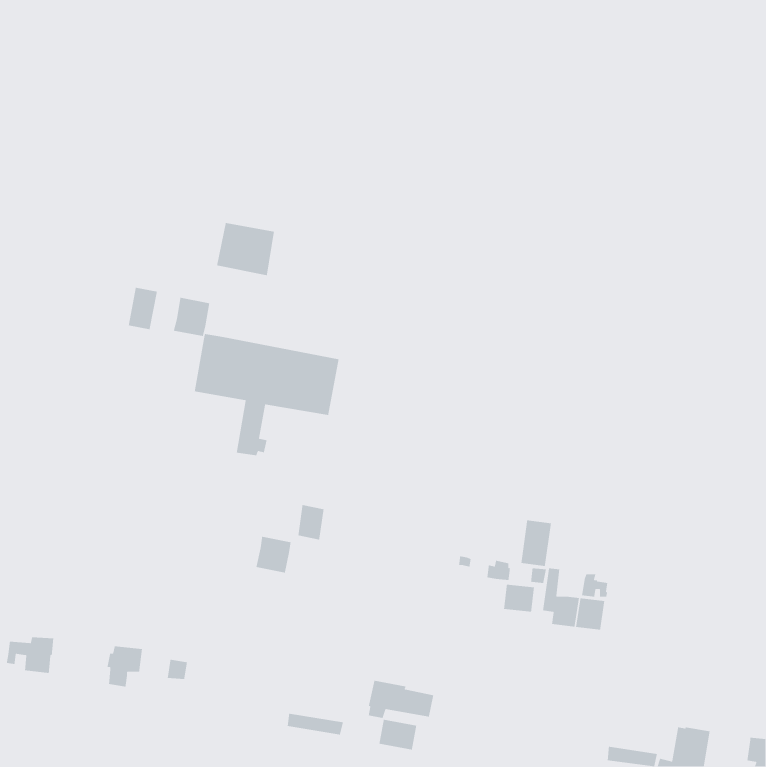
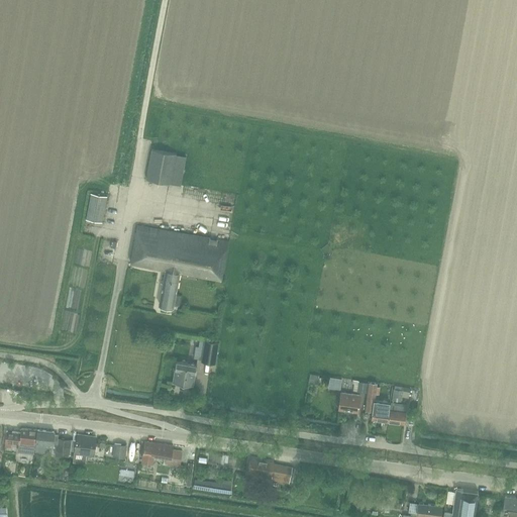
building: [173,297,210,337] -> none
building: [521,520,552,567] -> none
building: none -> [34,429,74,452]
building: none -> [141,440,182,464]
building: [379,719,417,750] -> none

